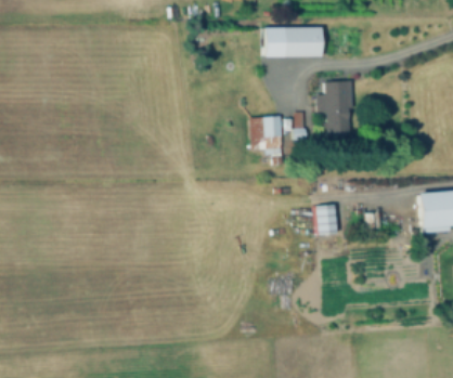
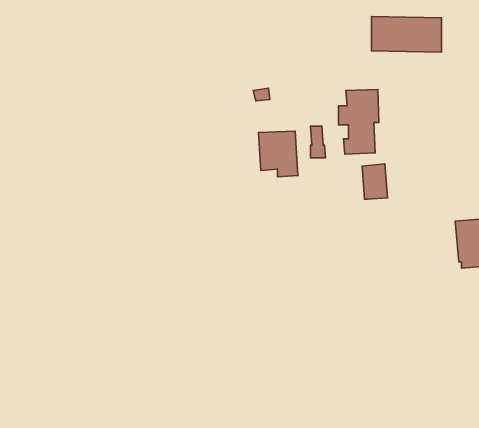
building: [262,26,322,56] -> [372,17,441,52]
building: [315,204,337,234] -> [362,164,387,199]

